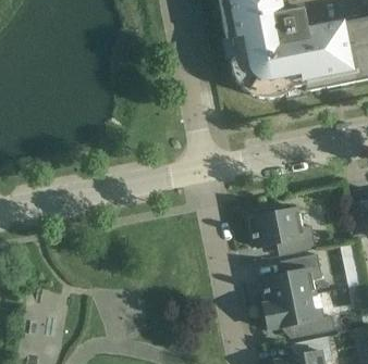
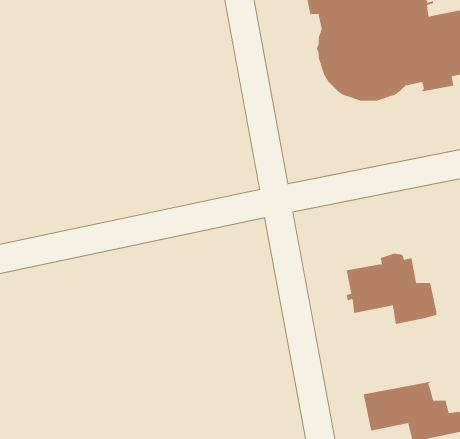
building: [262,253,322,303] -> none

